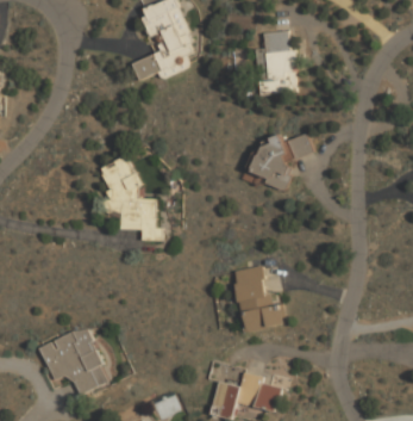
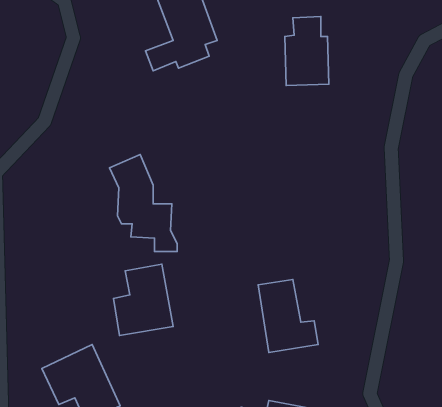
building: [245,132,314,192] -> none
building: none -> [113,264,173,336]

